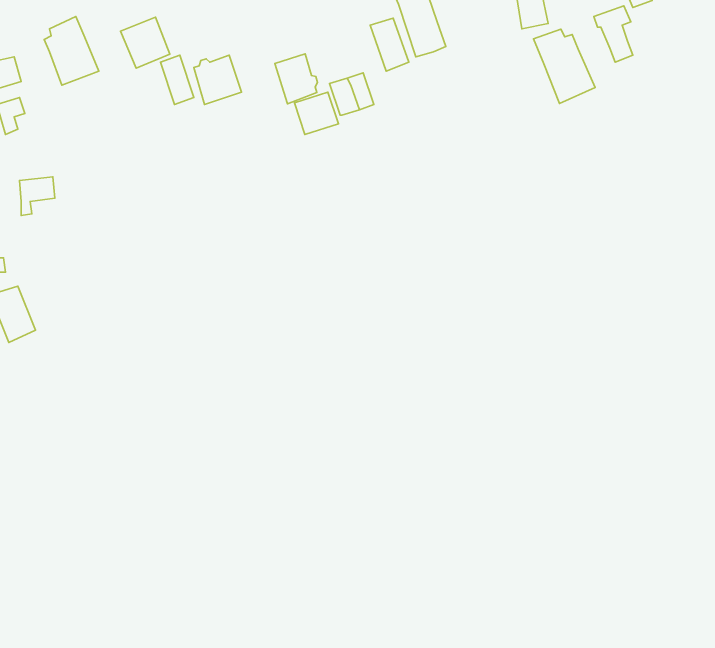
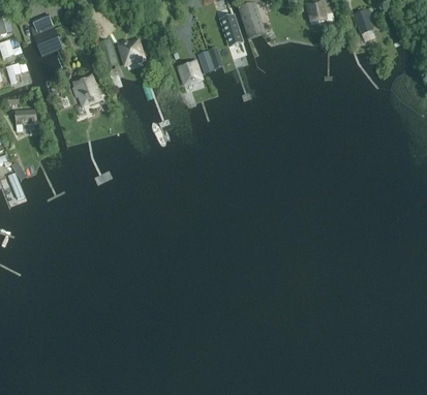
building: [120,17,170,68] -> [71,75,100,105]
building: [534,29,595,103] -> none
building: [275,54,317,104] -> none

